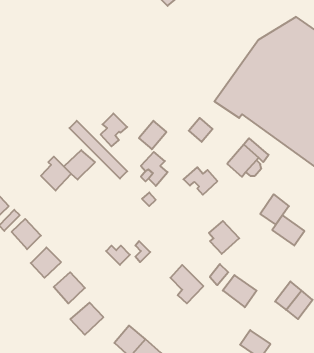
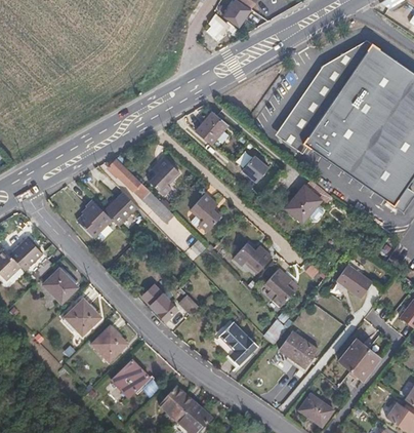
building: [139,121,166,149] -> [197,111,227,143]
building: [183,167,217,195] -> [235,243,273,274]
building: [260,194,289,225] -> none

